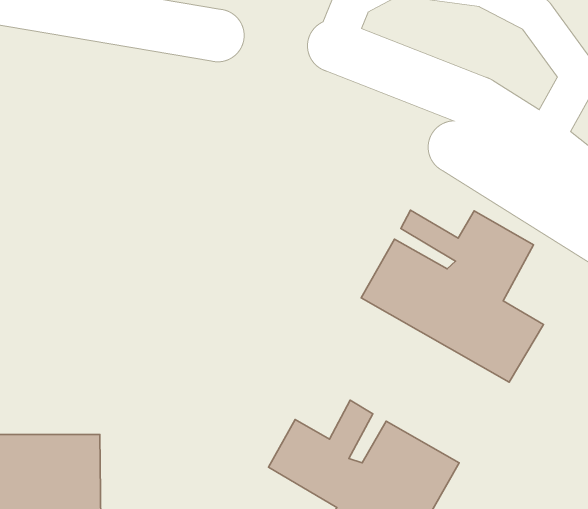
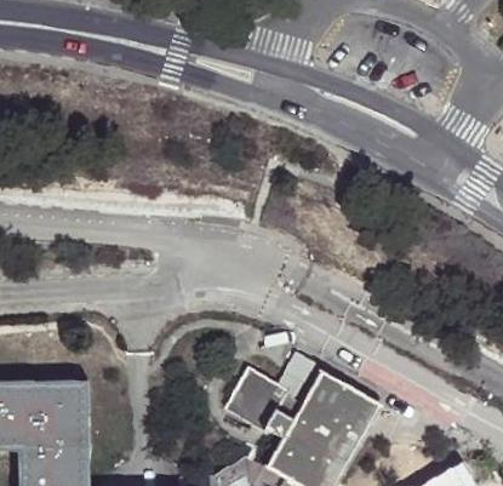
building: [361,210,544,382] -> none

